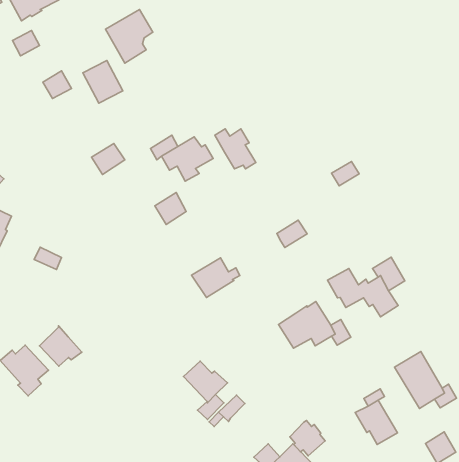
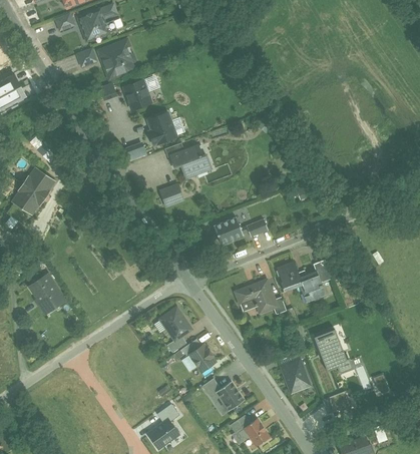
building: [105,10,153,63] -> [99,40,133,77]
building: none -> [148,111,177,142]
building: [215,129,256,169] -> none
building: [192,258,240,298] -> [213,216,248,244]
building: [40,326,82,366] -> none
building: [290,420,325,456] -> [189,344,215,370]

